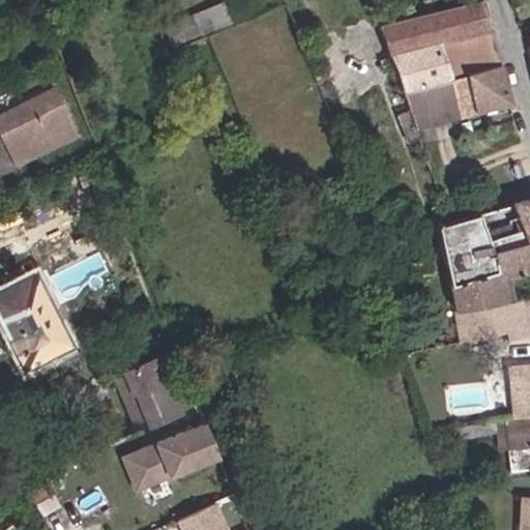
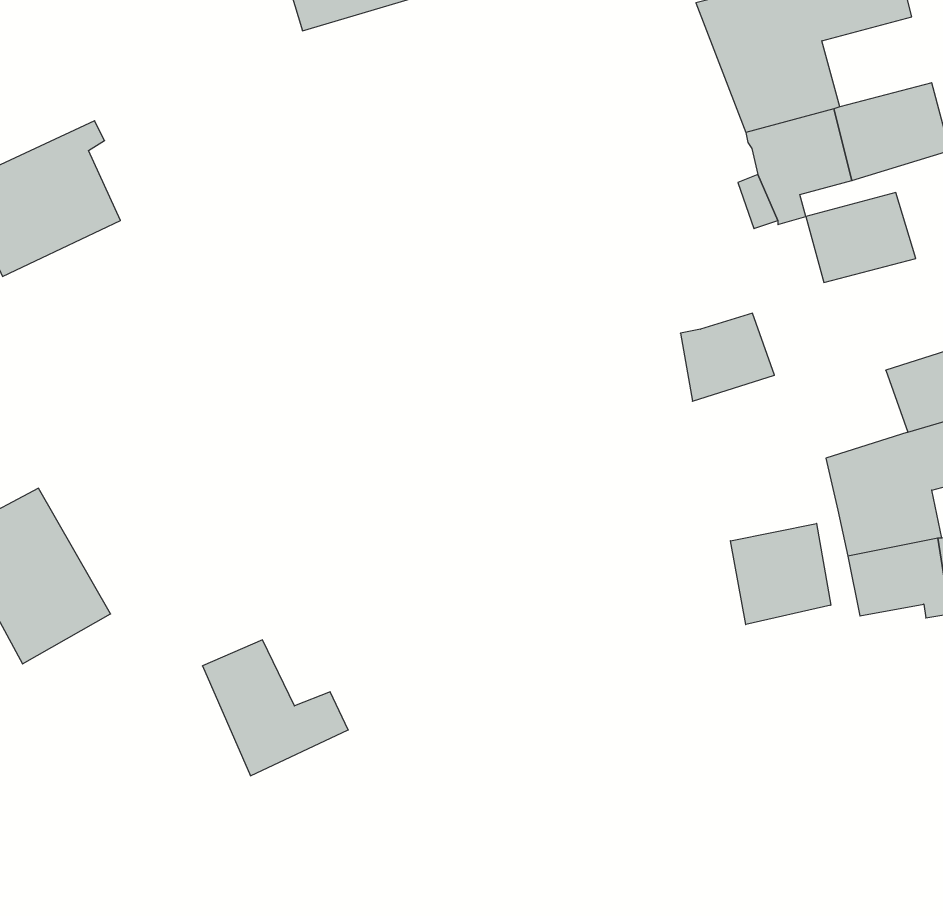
building: [443,33,500,80] -> [806,193,916,282]
building: [439,216,488,262] -> [680,313,774,401]
building: none -> [730,523,831,625]
building: [123,423,225,493] -> none

